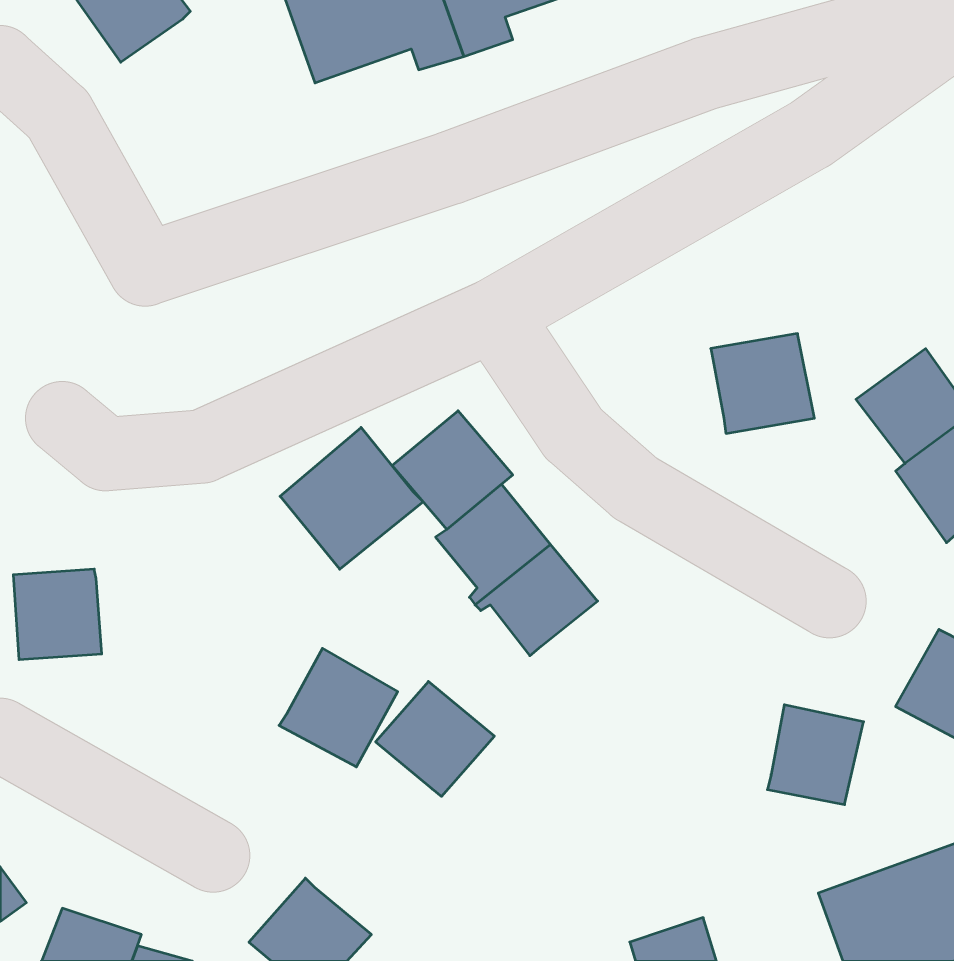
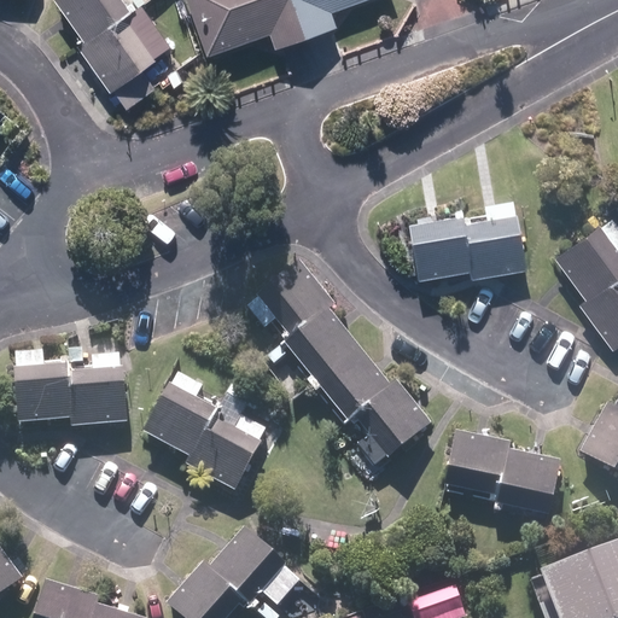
building: none -> [77,12,156,91]
building: none -> [408,215,470,278]
building: [280,427,423,569] -> none
building: none -> [68,355,127,426]
building: none -> [352,379,432,457]
building: none -> [144,385,215,457]
building: none -> [444,431,511,496]
building: [376,681,494,796] -> [208,530,284,604]

